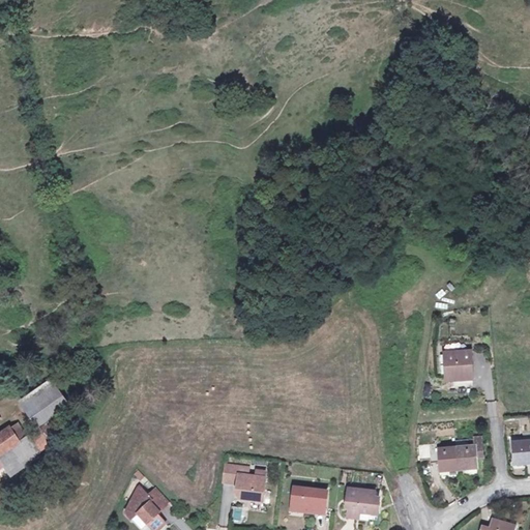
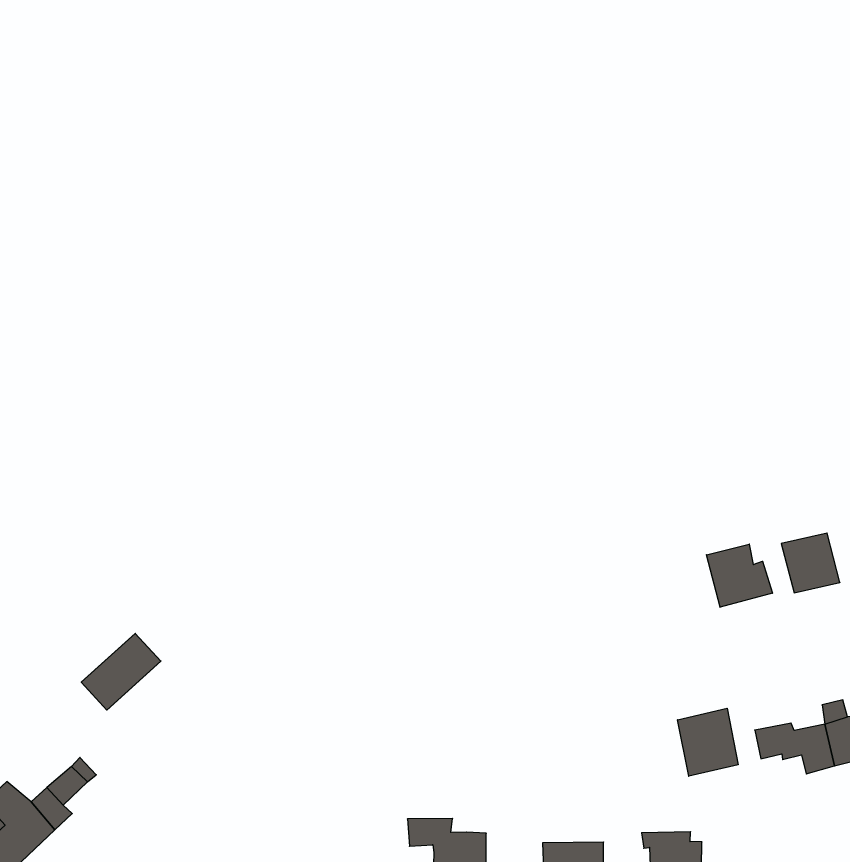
building: none -> [706,544,772,607]
building: [24,382,67,420] -> [81,633,161,710]
building: none -> [678,708,738,776]

